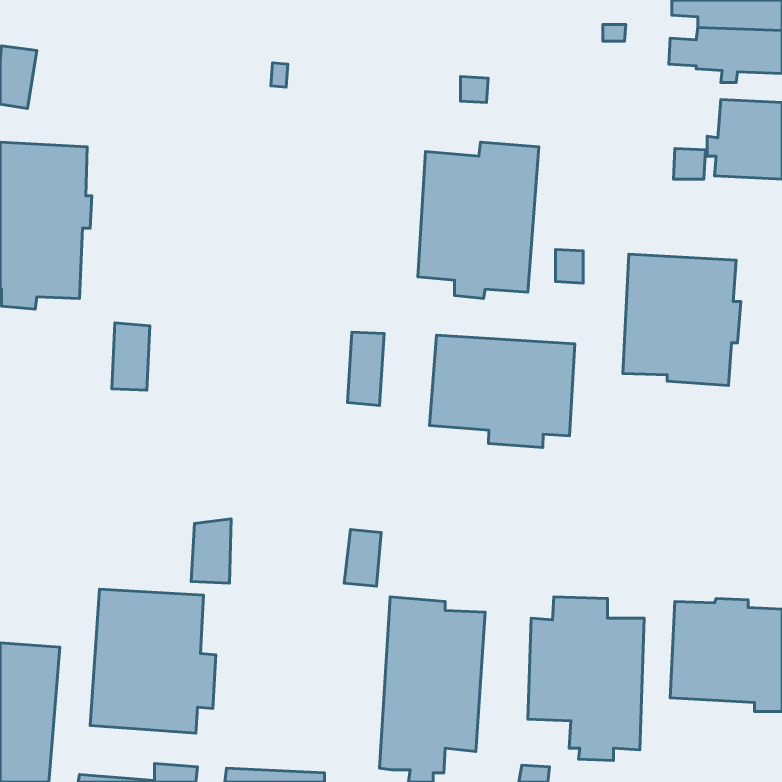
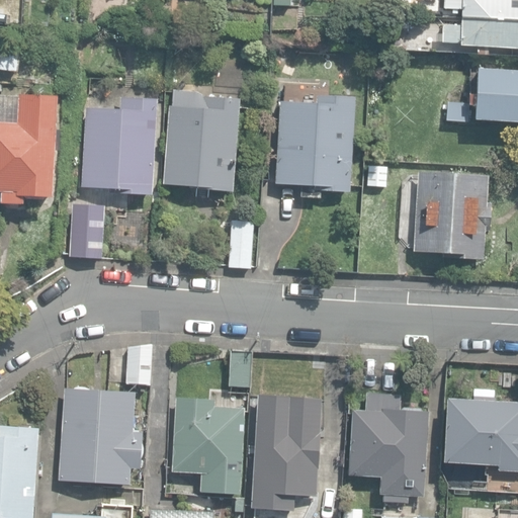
building: none -> [163,90,240,192]
building: none -> [81,97,158,196]
building: [430,335,575,447] -> none
building: none -> [172,398,244,494]

